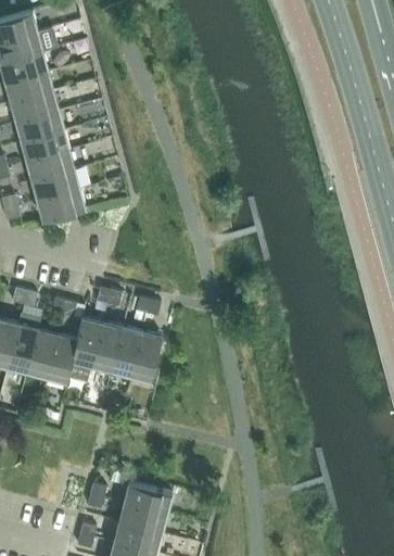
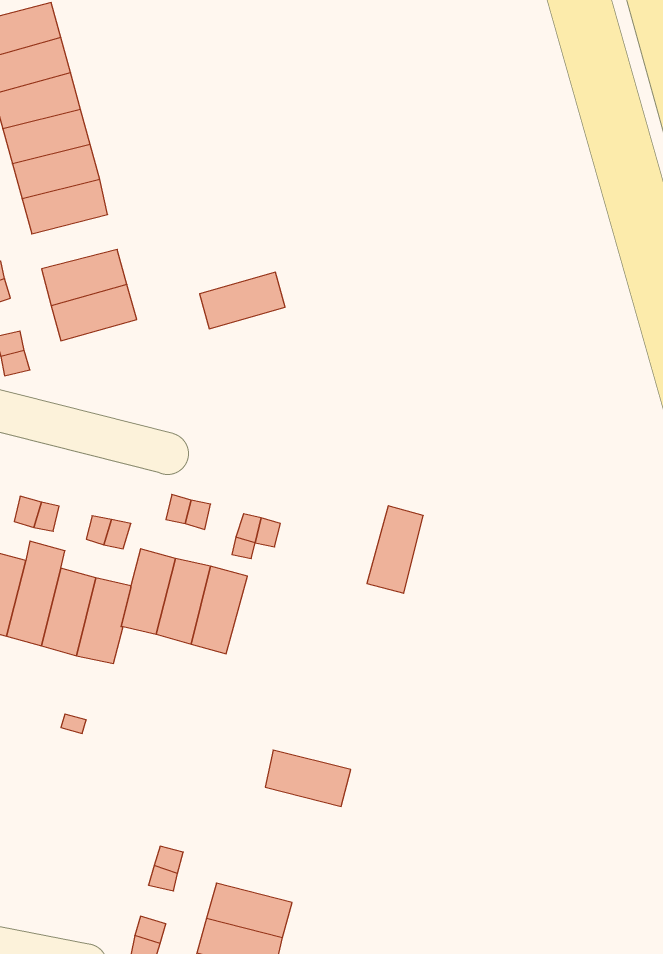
building: [21,130,68,161] -> none
building: [37,189,85,220] -> [200,272,285,329]
building: [129,332,161,381] -> [367,506,423,593]
building: [124,483,171,515] -> [265,750,351,806]

